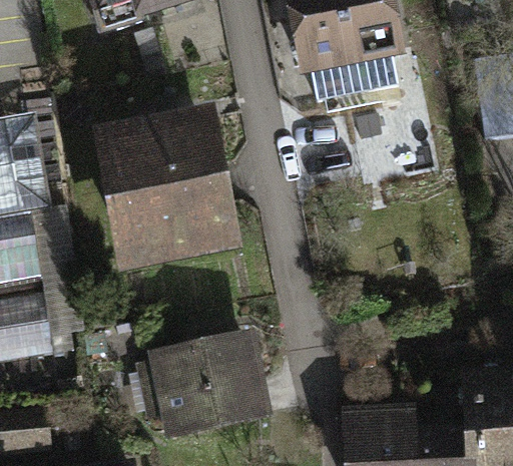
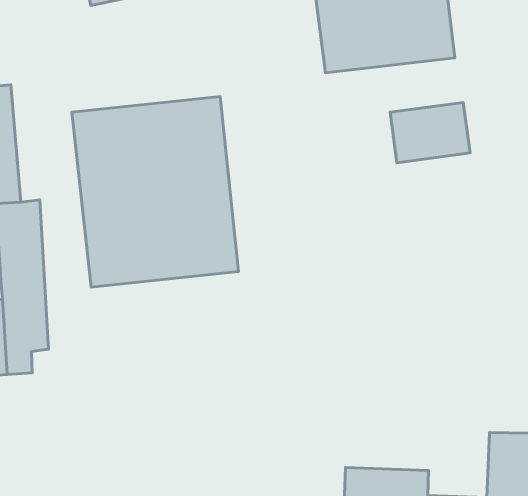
building: [146,328,272,439] -> none

